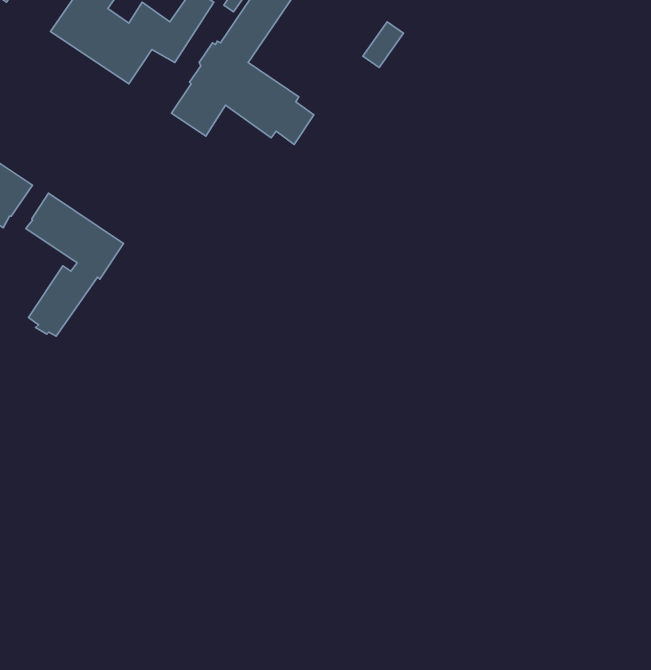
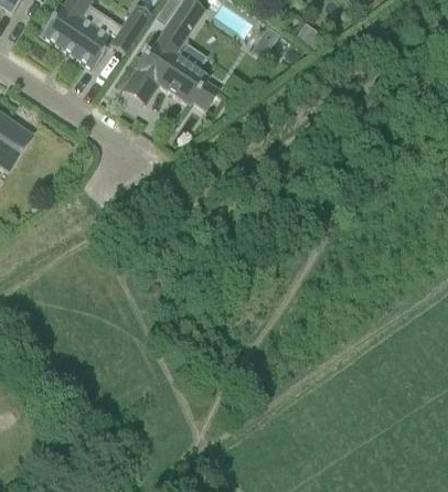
building: [26,193,124,336] -> none

